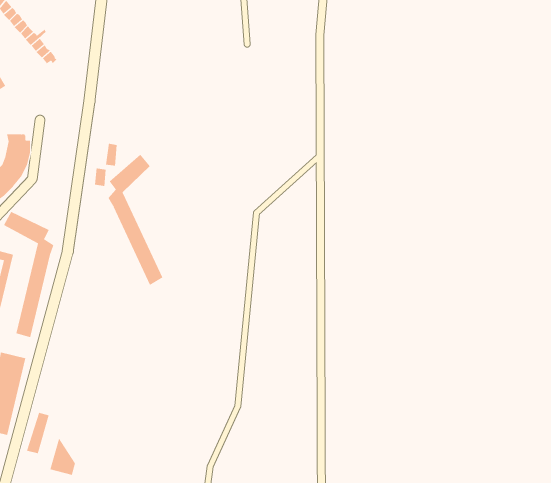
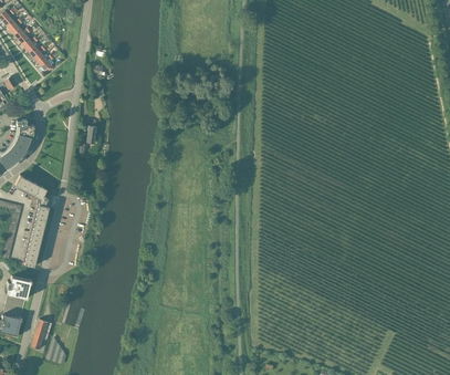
building: [108,154,163,286] -> none

